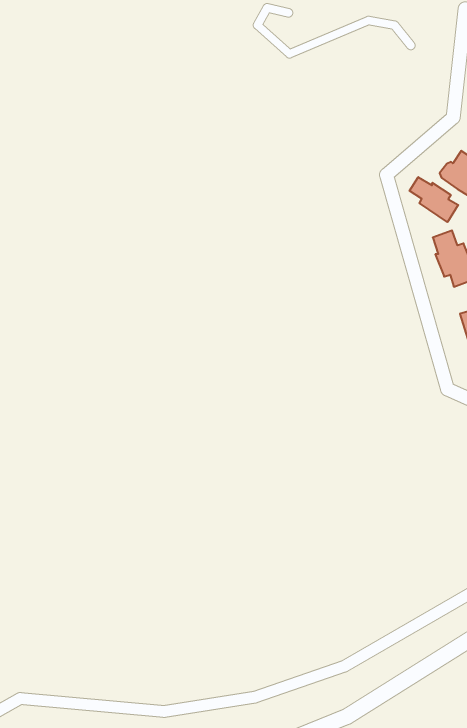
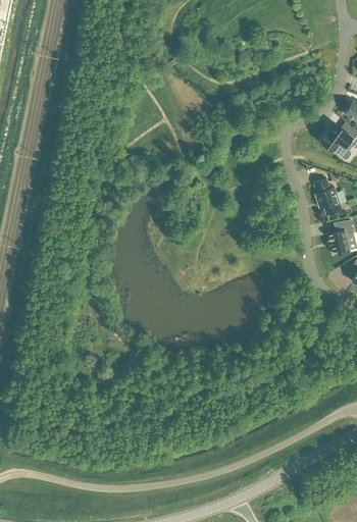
building: [410,177,458,222] -> none

